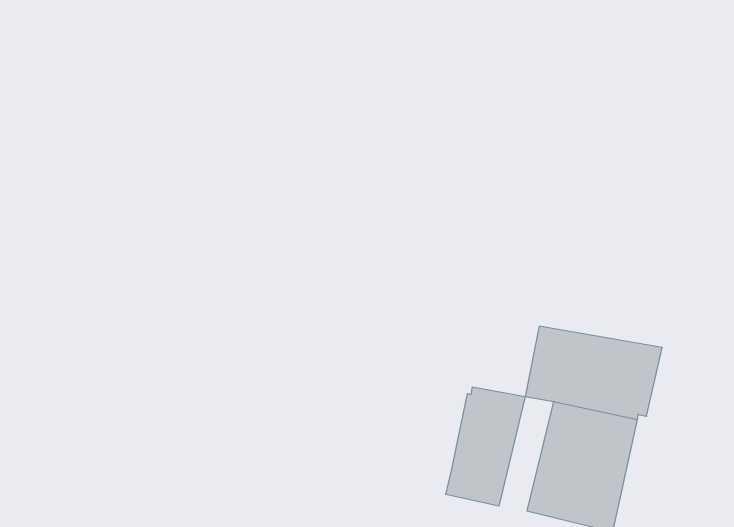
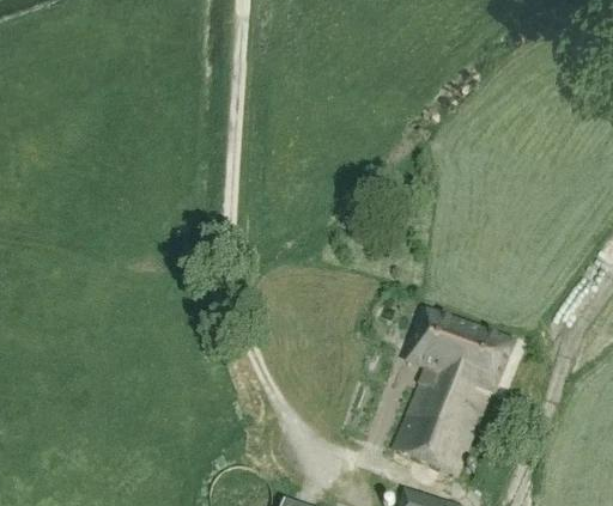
building: [446,387,525,506] -> none

